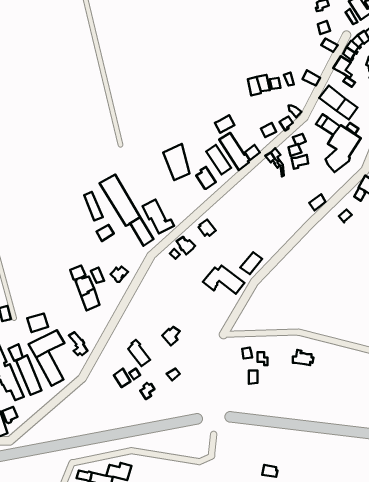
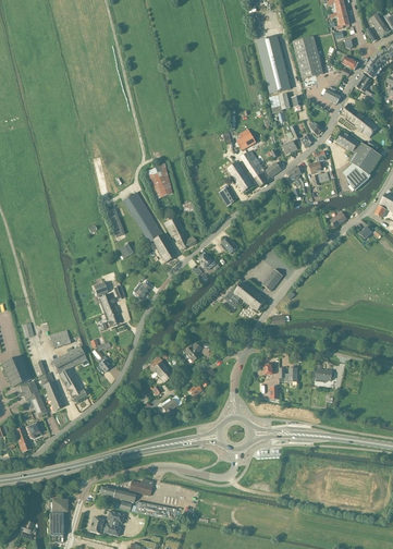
building: none -> [256,36,291,94]
building: none -> [293,36,323,80]
building: [163,144,190,180] -> [146,163,172,199]

